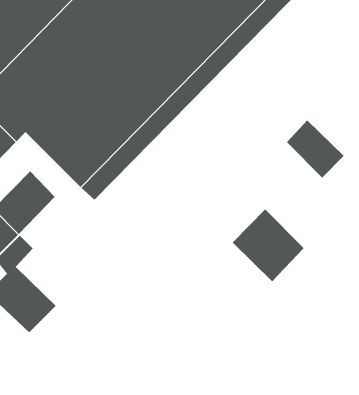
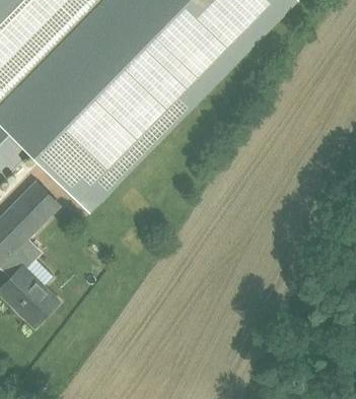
building: [286,119,345,179] -> none
building: [232,208,305,282] -> none

